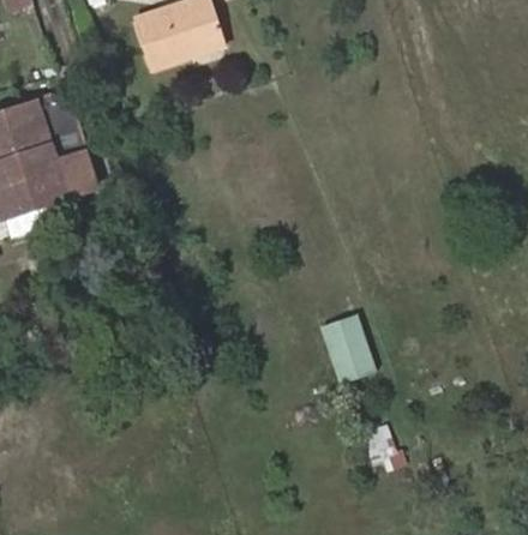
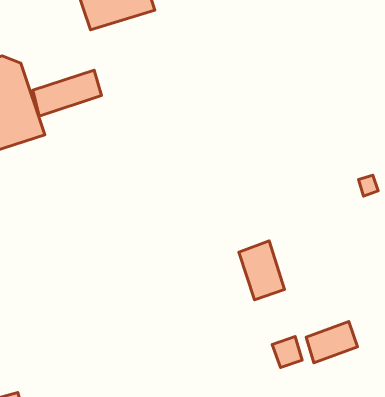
building: none -> [33,70,102,116]
building: none -> [306,322,358,363]

